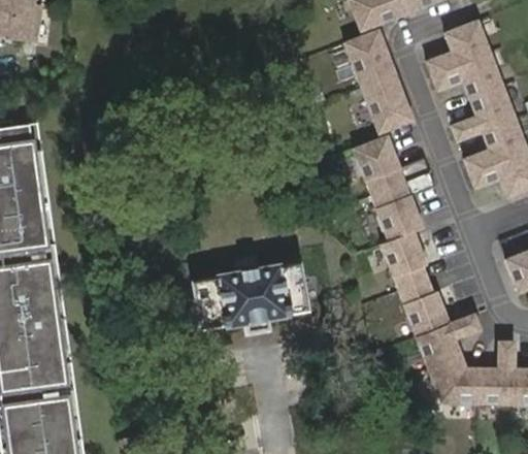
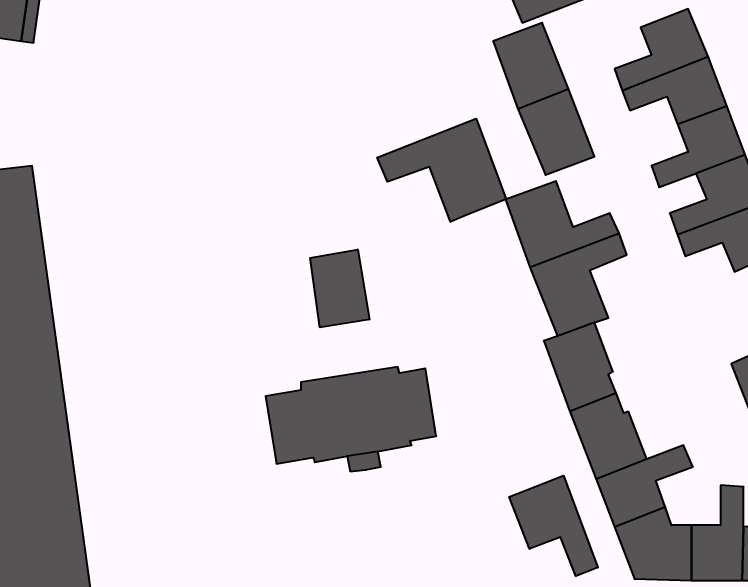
building: none -> [377,119,506,222]
building: none -> [310,249,369,327]
building: none -> [509,476,598,576]

